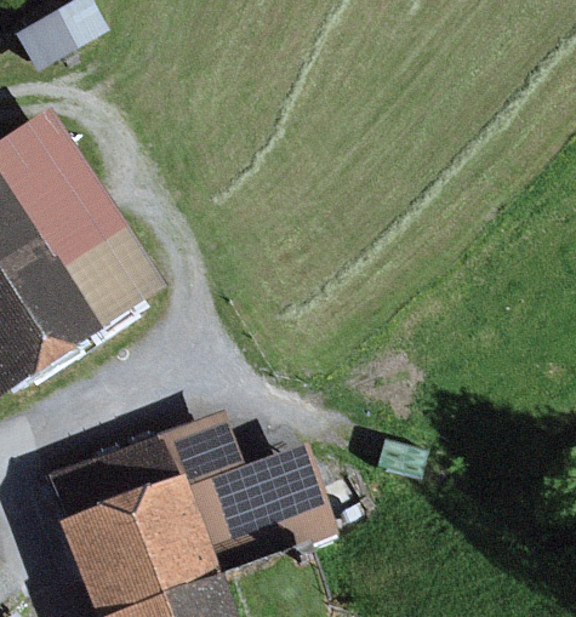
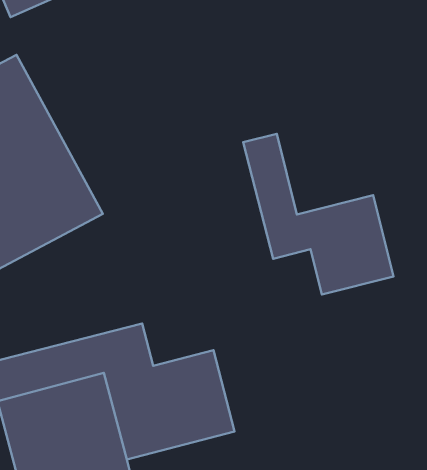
building: none -> [243,134,393,295]

